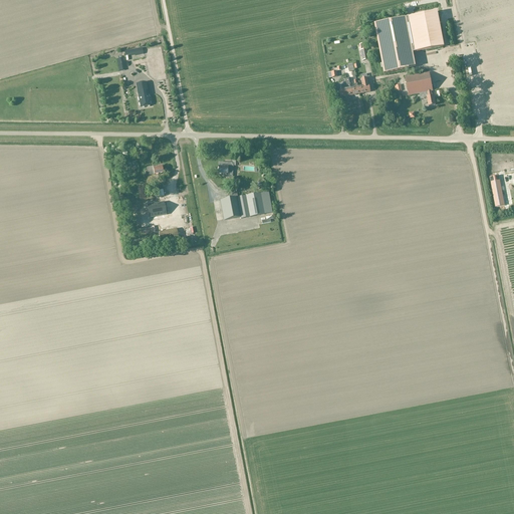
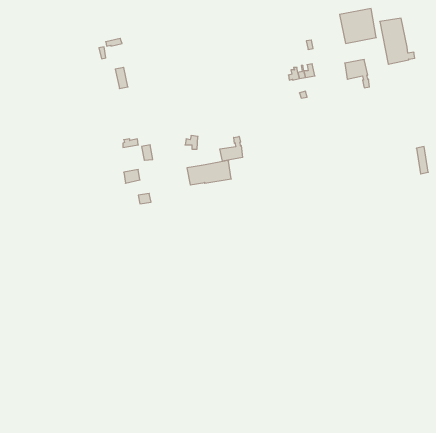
building: [374,17,416,71] -> [380,18,415,64]
building: none -> [220,136,243,161]

